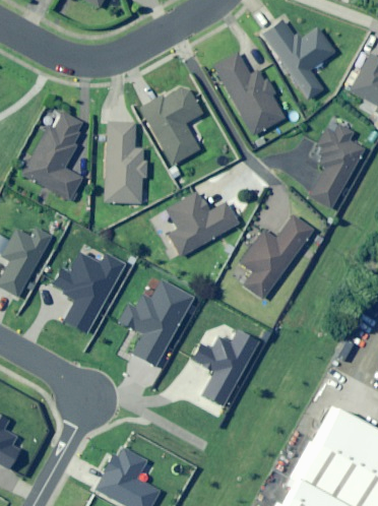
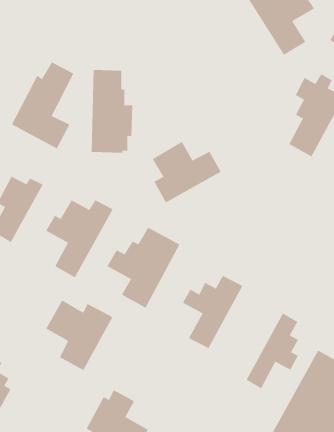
building: [212,52,286,135] -> none
building: [139,85,201,165] -> none
building: [235,215,312,300] -> none
building: none -> [46,300,113,371]
building: none -> [246,312,299,389]

